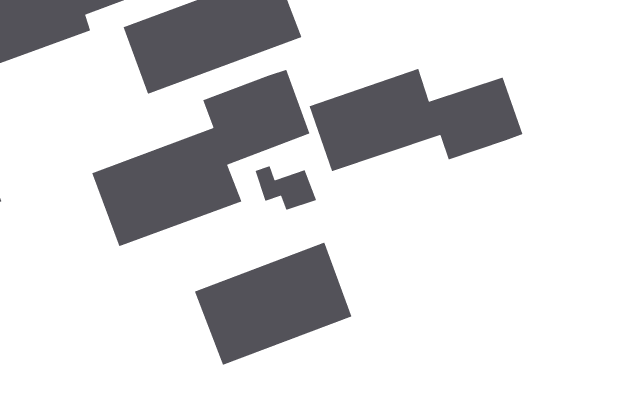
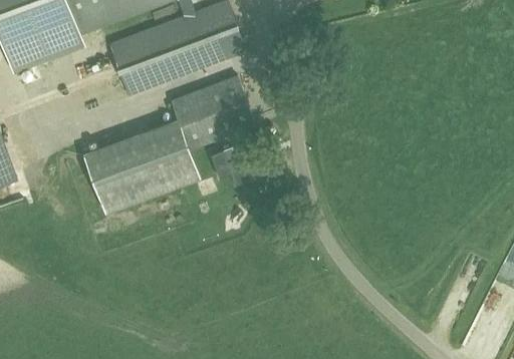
building: [309,68,524,172] -> none
building: [194,241,353,366] -> none

